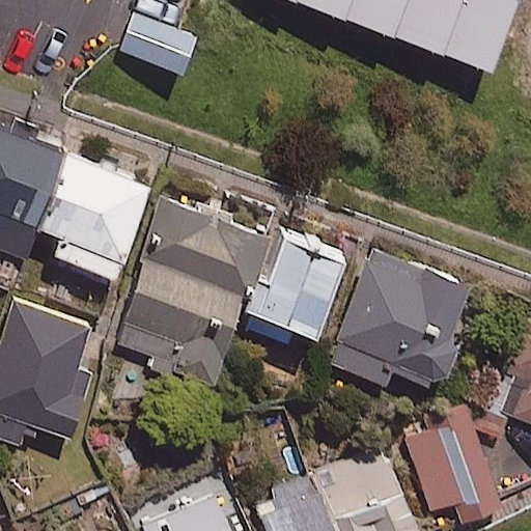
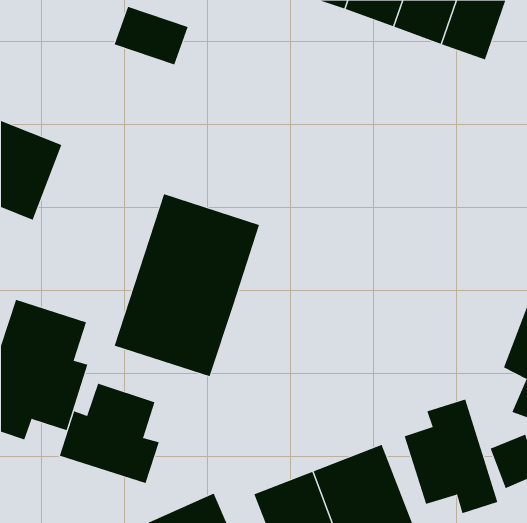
building: [35,151,147,276] -> none
building: [236,235,341,350] -> none
building: [335,252,467,385] -> none
building: none -> [59,383,160,484]

